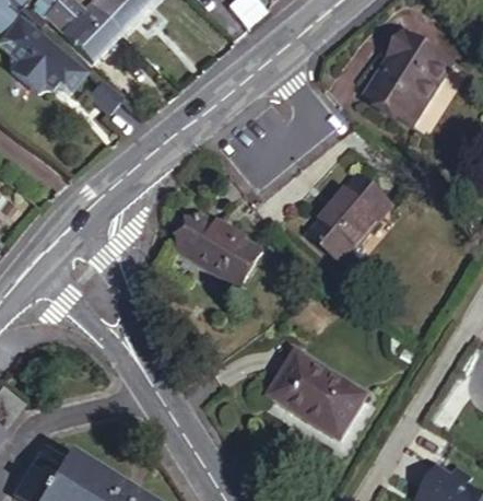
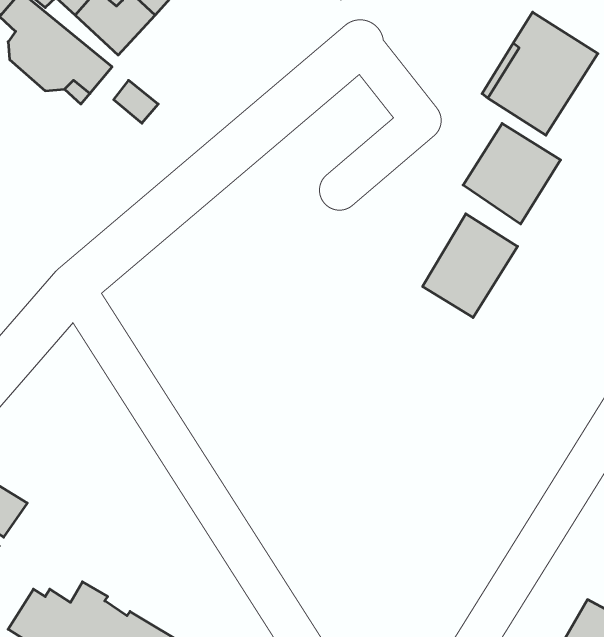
building: none -> [463,123,561,224]
building: [179,217,261,288] -> none
building: [272,353,369,440] -> none

